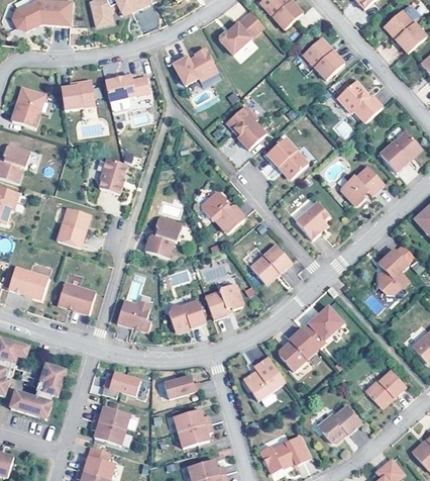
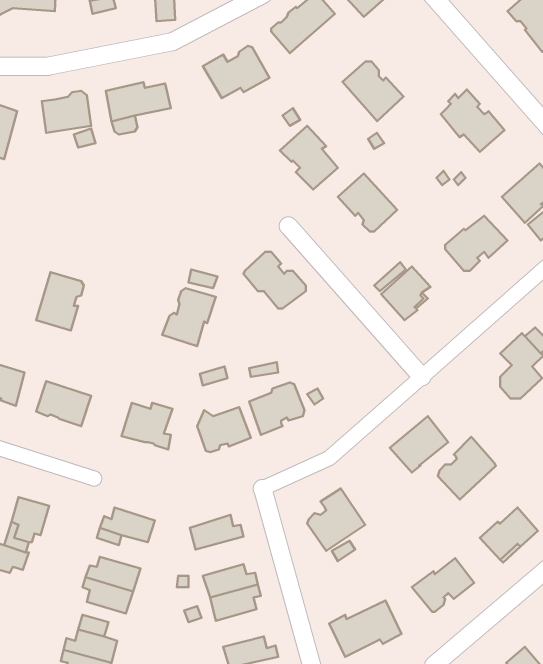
building: [303,38,345,80] -> [342,62,403,121]
building: [99,158,127,194] -> none
building: [251,245,292,282] -> none
building: [279,327,319,371] -> [438,437,496,499]

